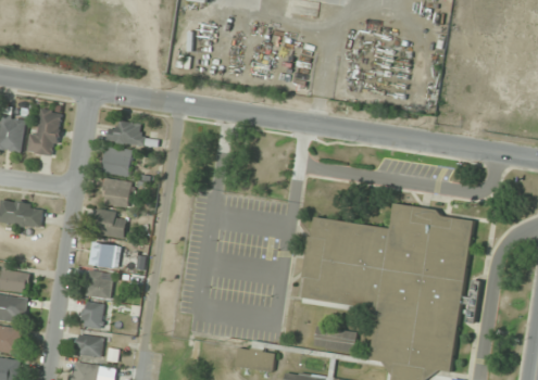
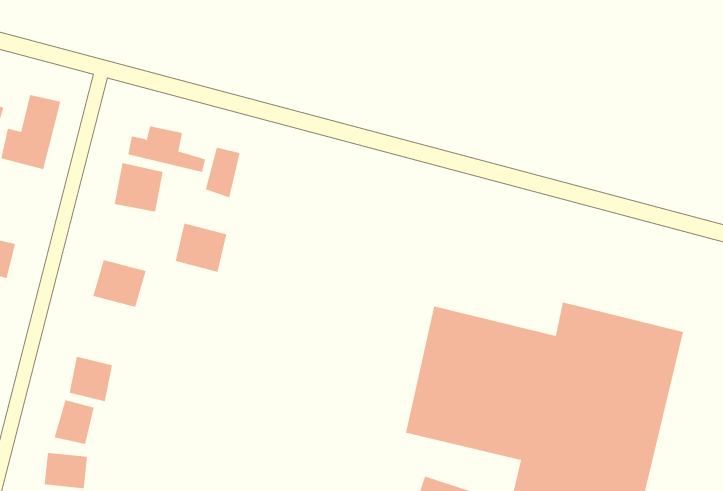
building: none -> [205,147,240,198]
building: [99,178,130,207] -> [175,223,227,272]
building: [88,242,120,268] -> none

